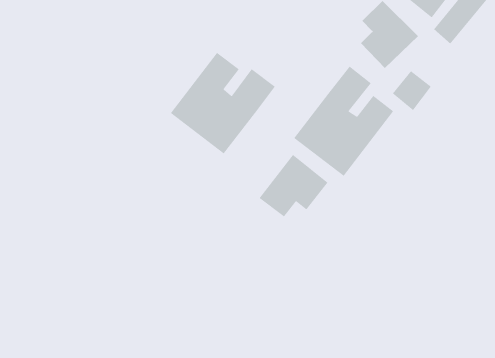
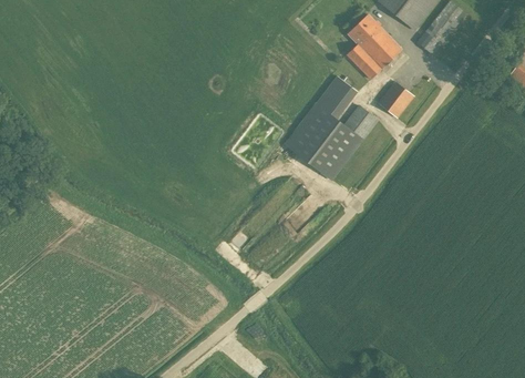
building: [170,52,276,155] -> none
building: [259,154,328,217] -> none

